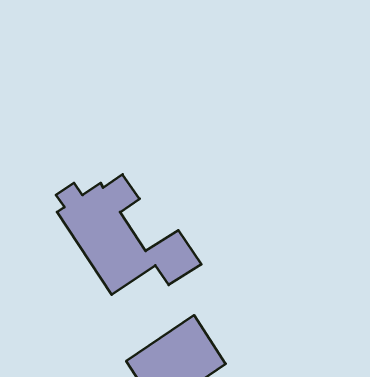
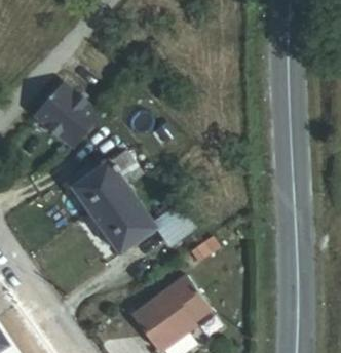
building: none -> [35,84,102,148]

